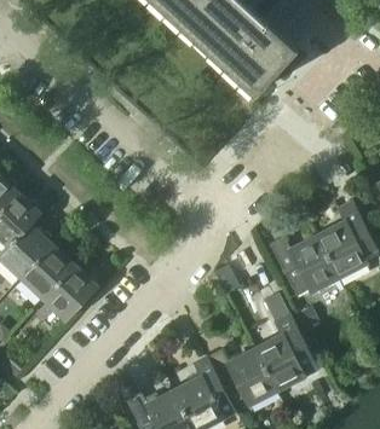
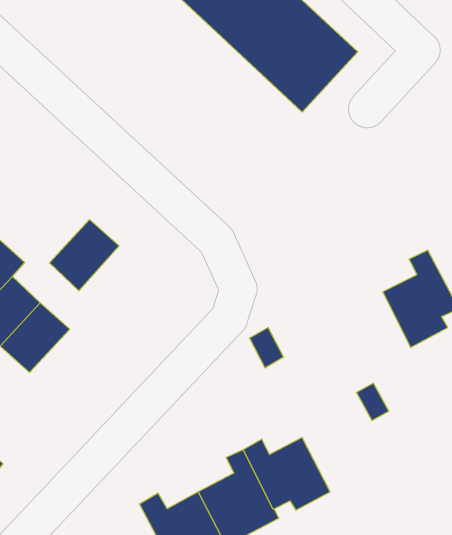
building: [270,236,339,295] -> none
building: [41,265,96,320] -> [49,220,119,291]
building: [254,294,319,392] -> none

